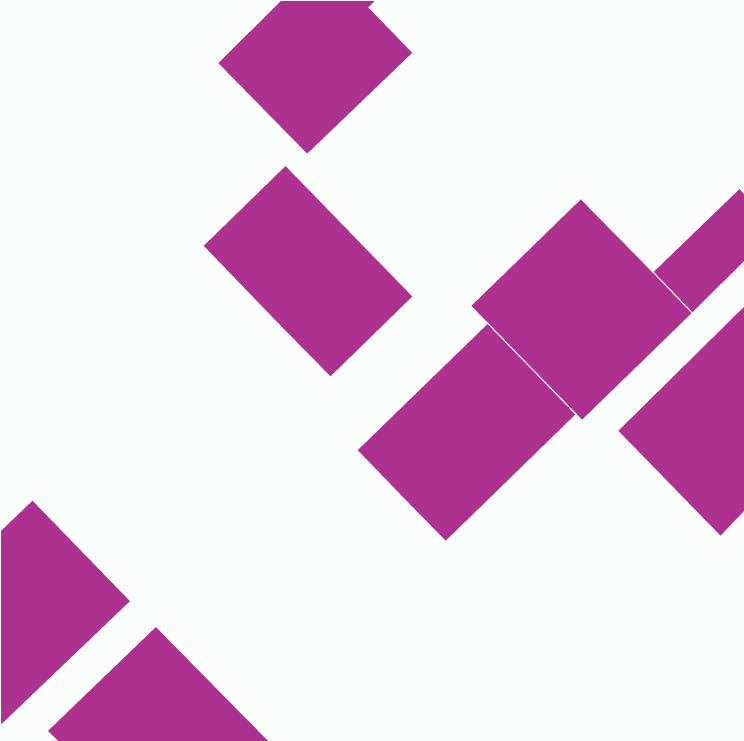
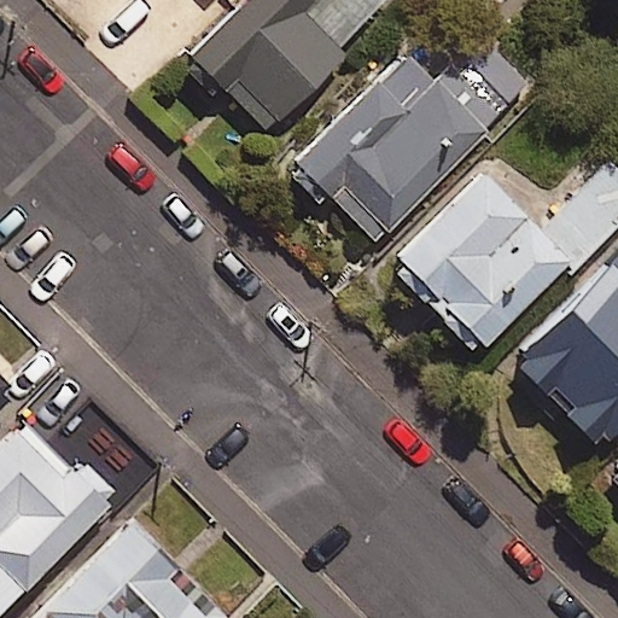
building: none -> [284,40,535,255]
building: [203,165,413,377] -> none
building: [357,323,576,542] -> none

